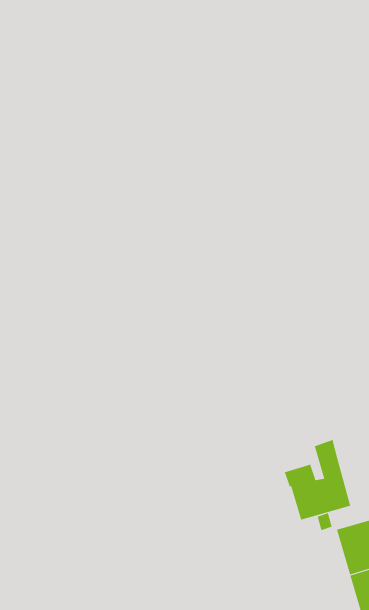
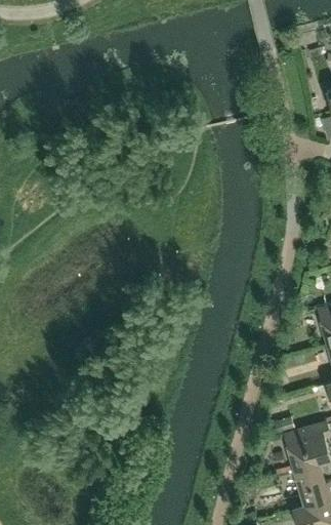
building: [284,439,351,520] -> none

